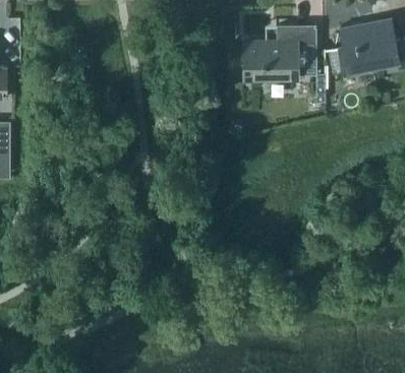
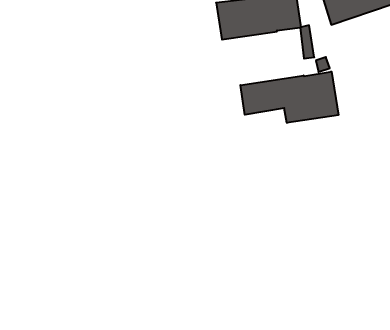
building: none -> [240,72,338,123]

